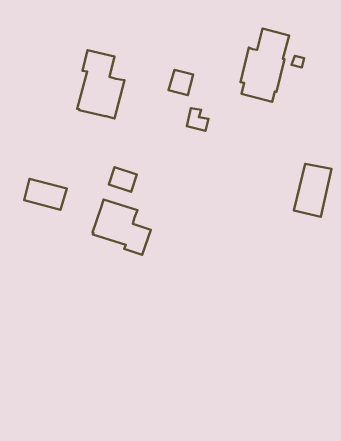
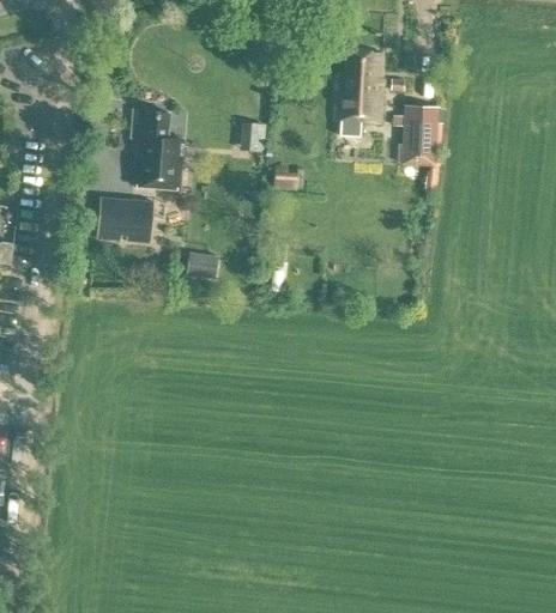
building: [294,164,331,217] -> [400,104,439,166]
building: [24,179,67,210] -> [103,200,153,232]
building: [93,200,151,255] -> none

